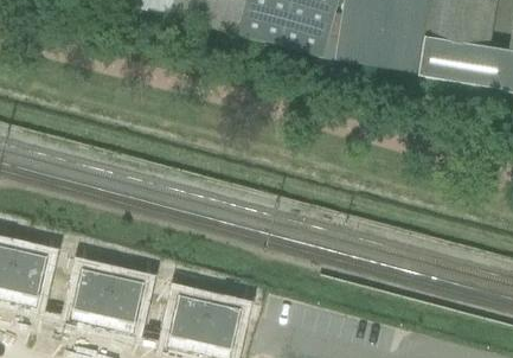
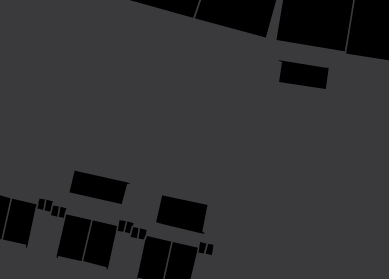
building: none -> [275,60,330,90]
building: none -> [68,169,131,206]
building: none -> [155,194,212,234]

